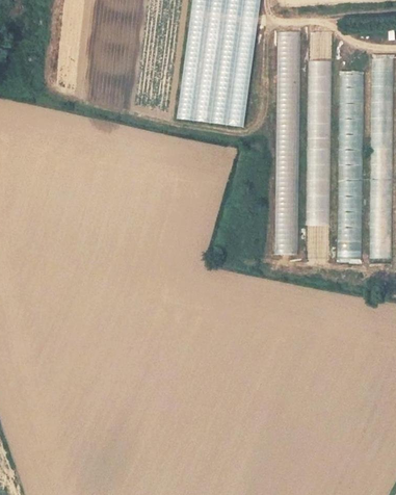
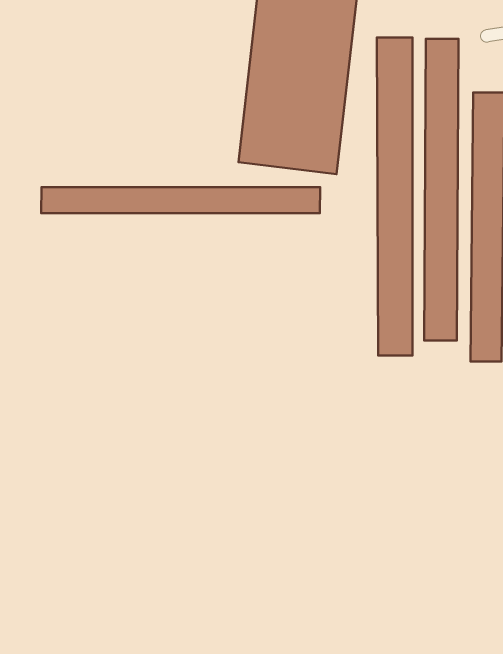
building: none -> [41,187,320,213]

